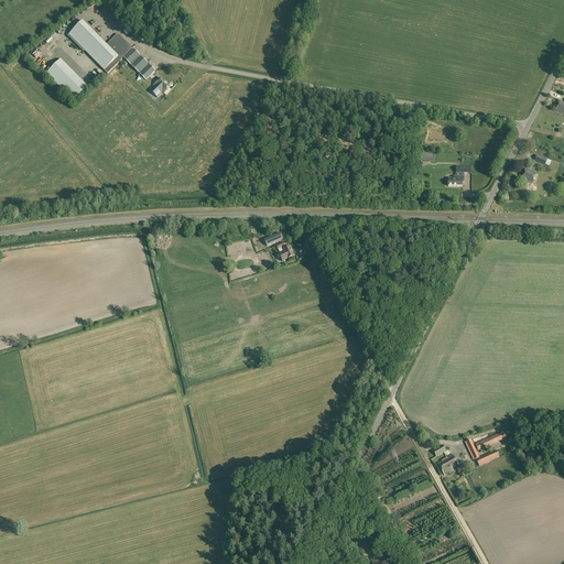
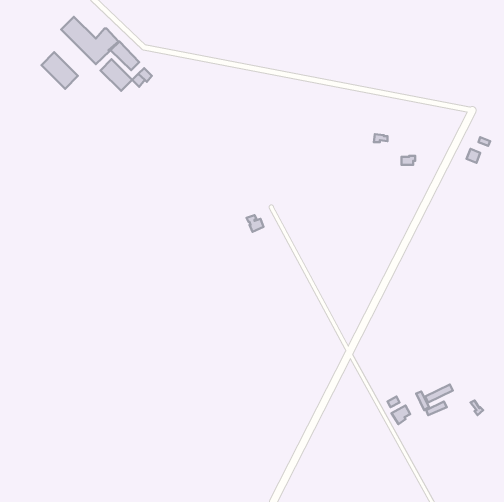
building: none -> [100,59,132,91]

